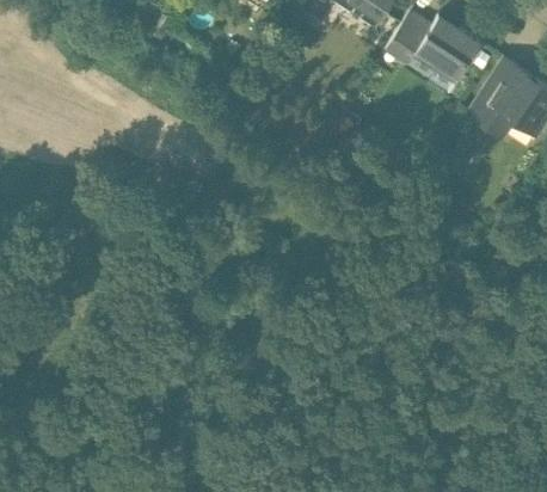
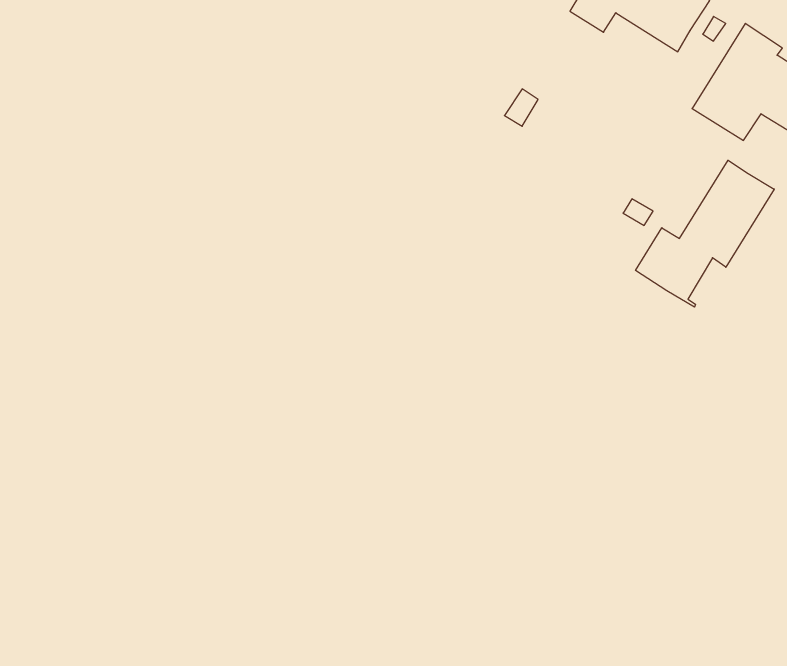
building: none -> [636,160,774,307]

